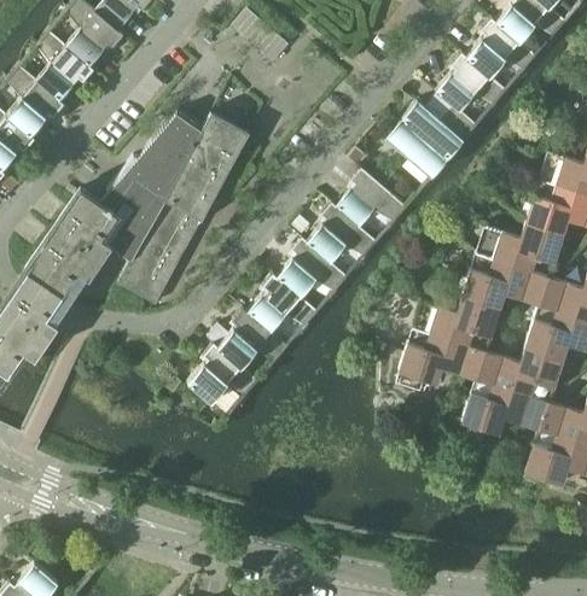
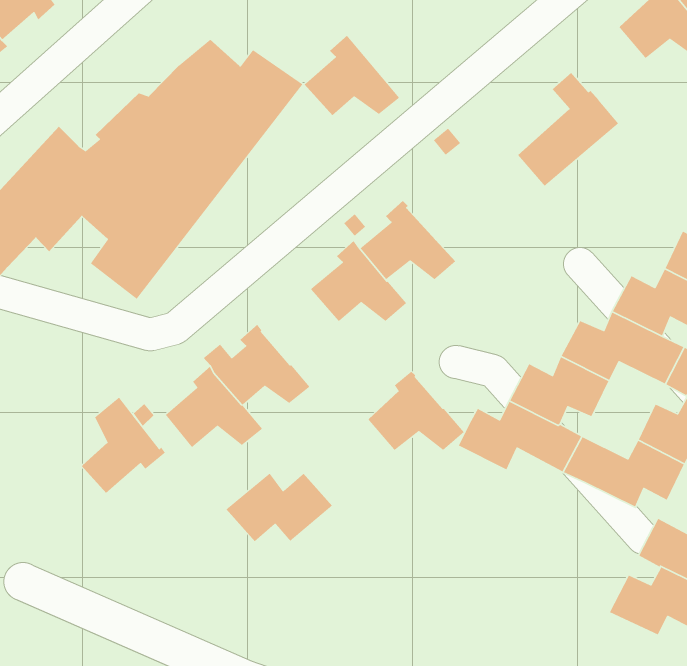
building: [435,53,506,112] -> none
building: [385,103,440,160] -> none
building: [336,170,406,229] -> [304,35,400,116]
building: [246,275,318,334] -> [366,371,465,452]
building: none -> [80,396,166,494]
building: [461,385,548,436] -> none
building: none -> [226,472,333,542]

